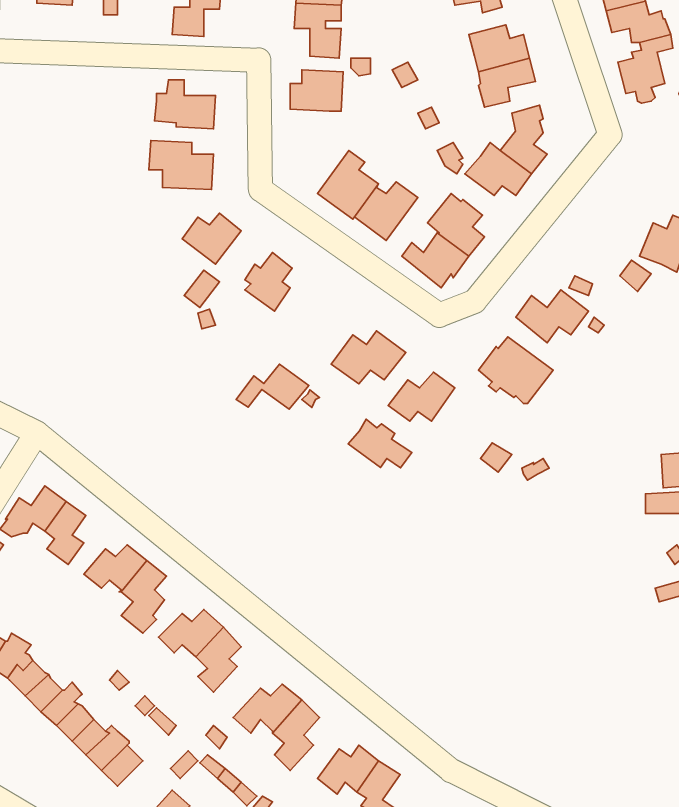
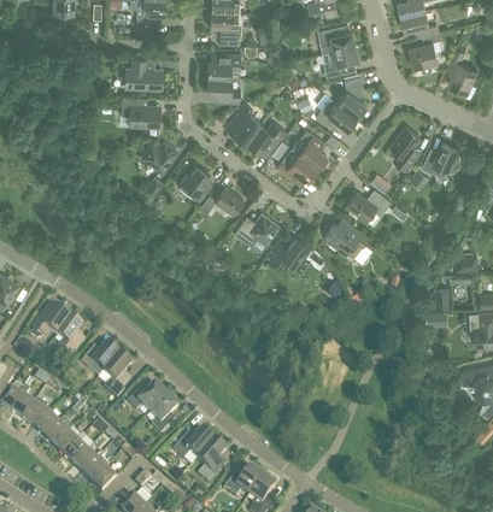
building: none -> [206,75,240,101]
building: none -> [391,124,423,169]
building: [236,364,309,409] -> [199,184,243,212]
building: [348,419,412,468] -> none

